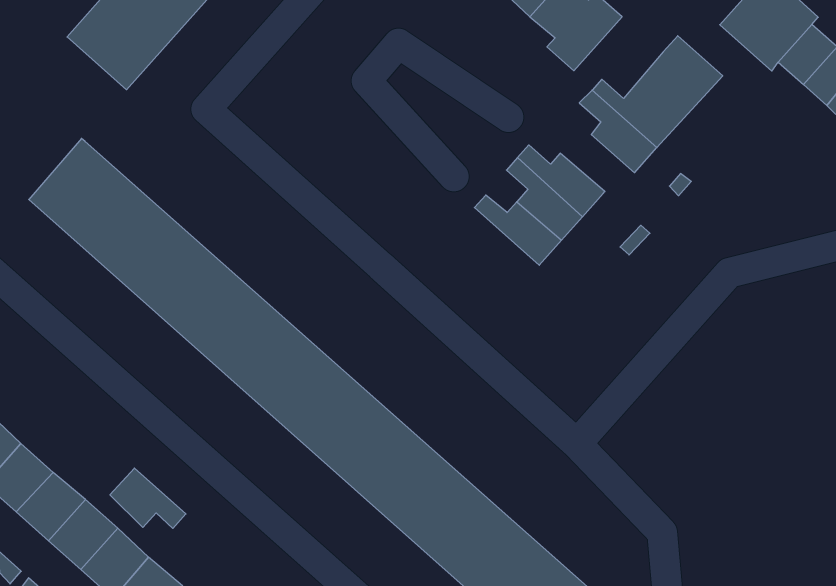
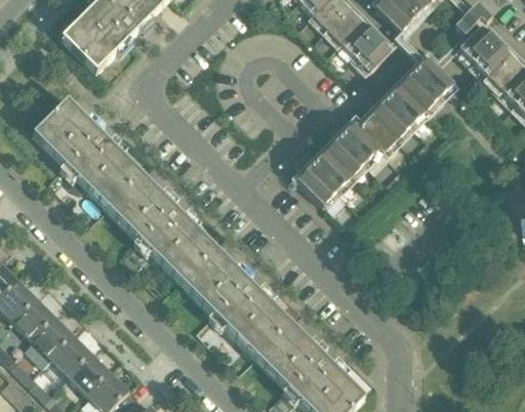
building: none -> [346,108,397,153]
building: none -> [292,153,336,204]
building: [110,468,186,528] -> none

